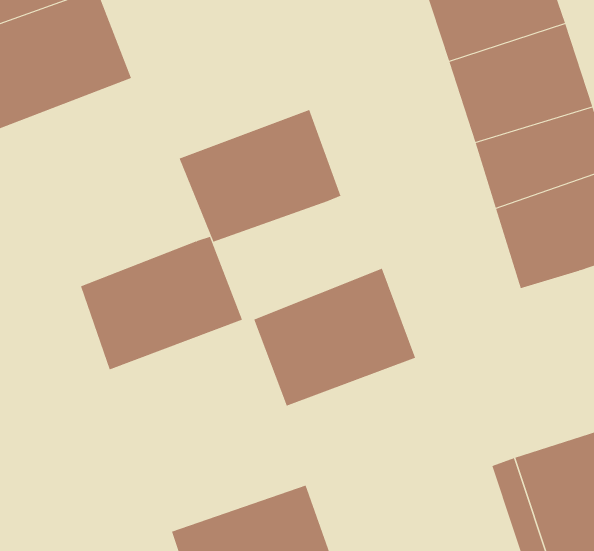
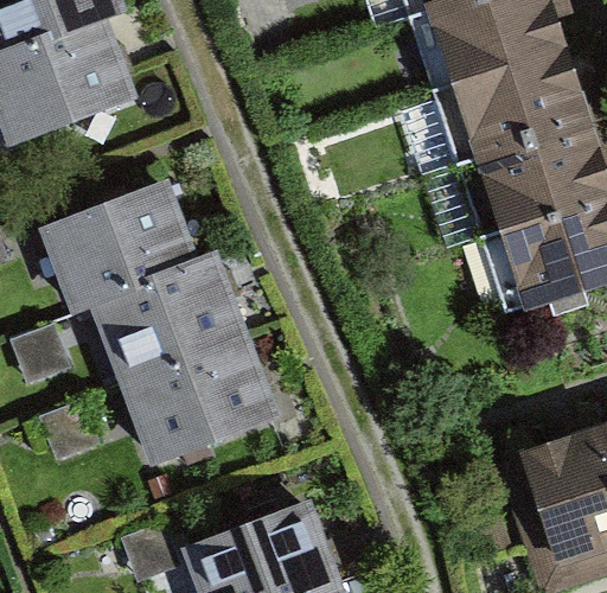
building: [179,109,341,243] -> none
building: none -> [38,176,203,310]
building: [253,268,416,407] -> none
building: none -> [116,337,279,465]

